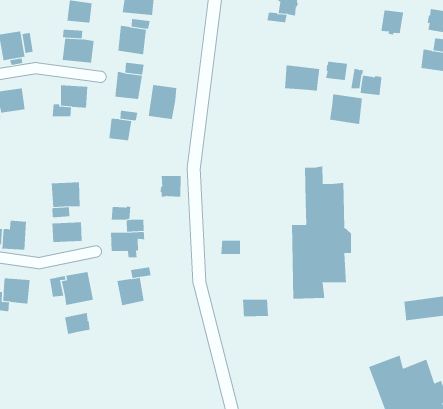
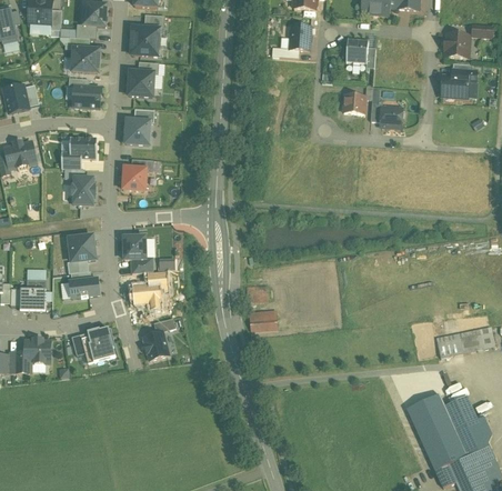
building: [380,10,404,35] -> [344,38,368,63]
building: [285,64,320,92] -> none
building: [148,84,177,120] -> none
building: [330,93,363,125] -> none
building: none -> [73,176,96,204]
building: [291,165,352,299] -> none
building: [160,176,181,197] -> [122,236,144,259]
building: [242,299,269,317] -> [248,309,277,329]
building: [65,312,90,335] -> none

